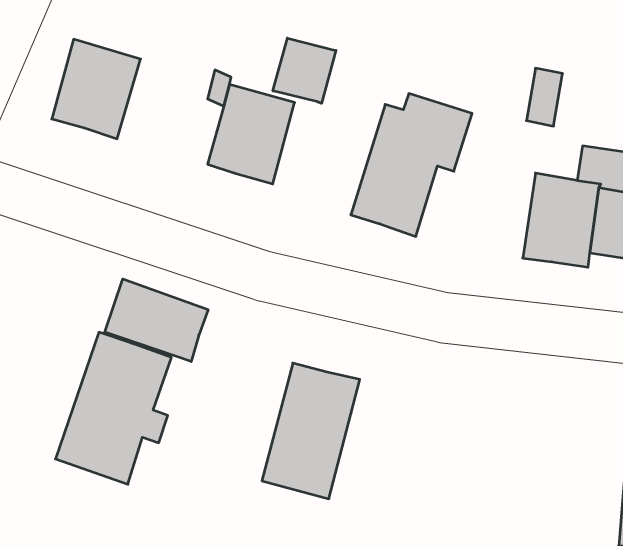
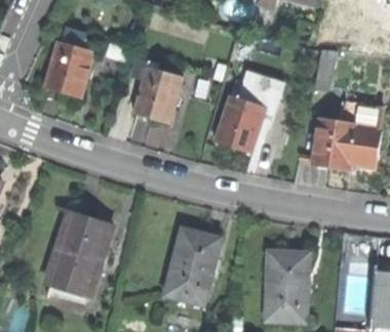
building: [273,38,336,103] -> none
building: [105,279,208,362] -> none
building: none -> [262,249,306,321]

